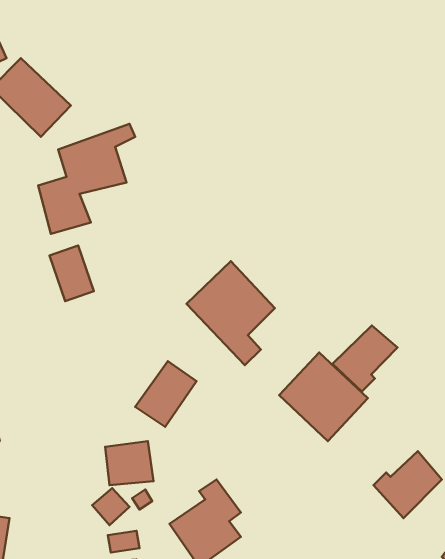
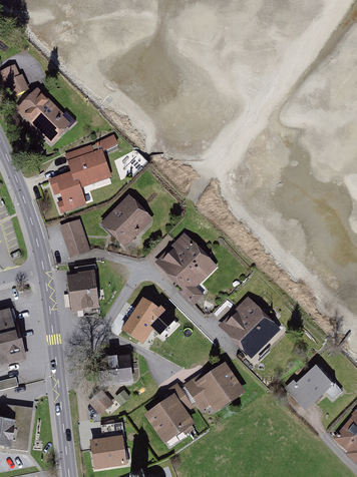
building: none -> [99,193,152,247]
building: none -> [67,273,98,312]
building: [333,325,397,391] -> none
building: none -> [183,361,245,412]

